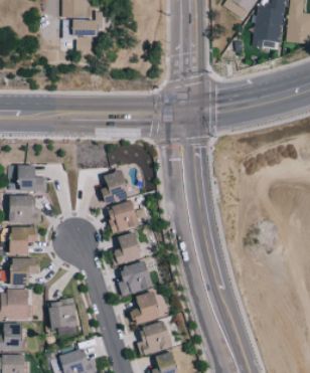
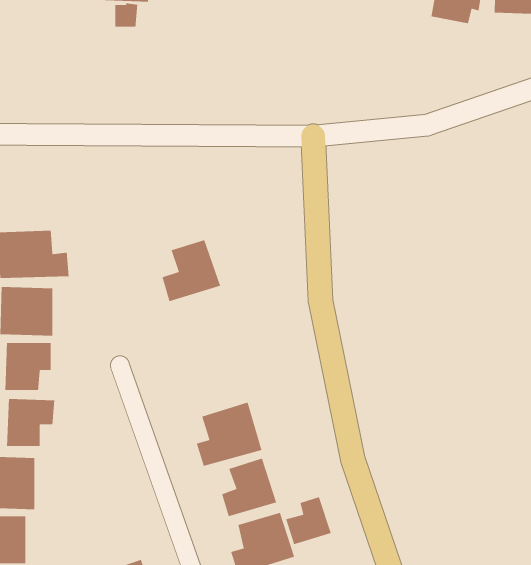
building: [106,200,144,232] -> none
building: [116,231,144,262] -> none
building: [50,299,78,328] -> none
building: none -> [285,496,332,545]

